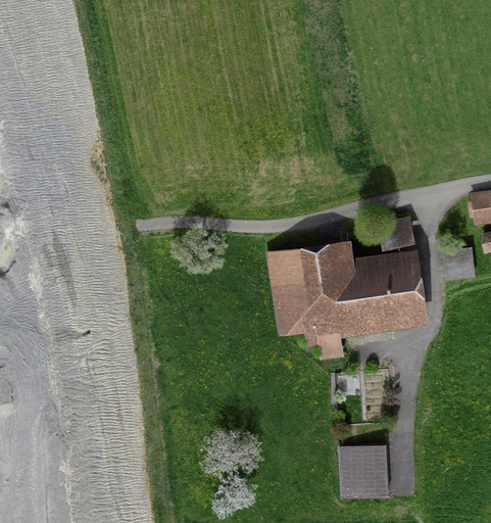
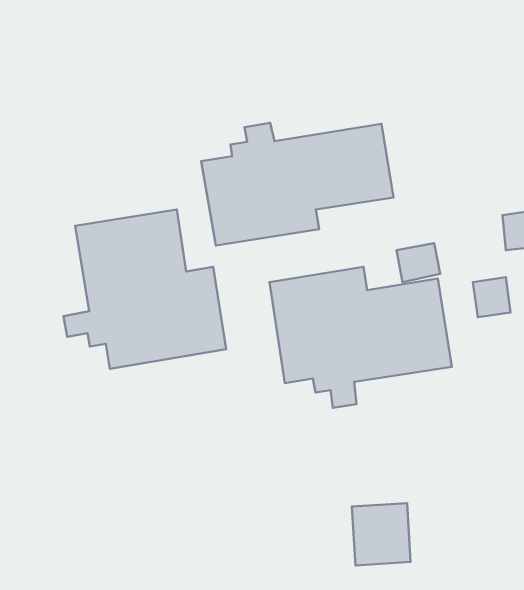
building: none -> [201,123,393,245]
building: none -> [64,210,226,369]

